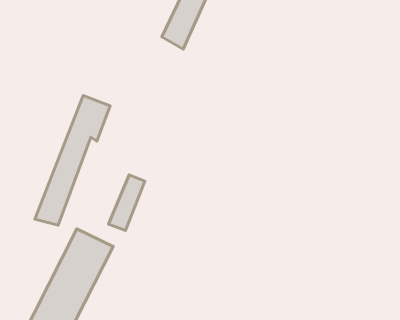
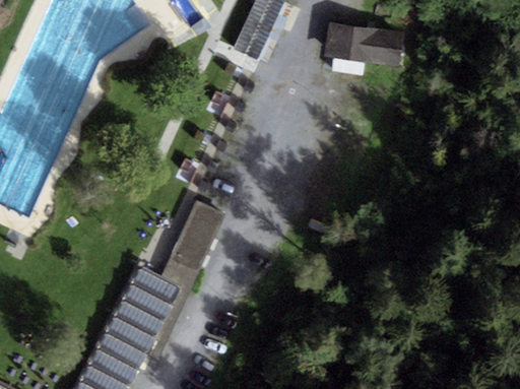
building: none -> [328,27,409,78]
building: [35,96,110,225] -> none

